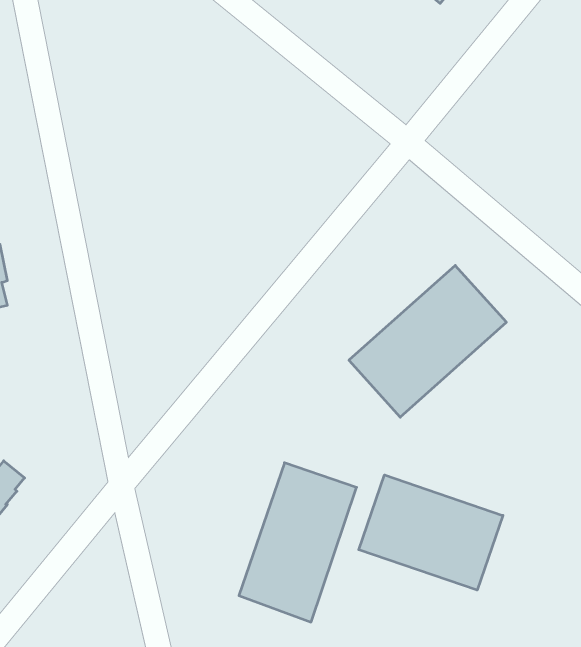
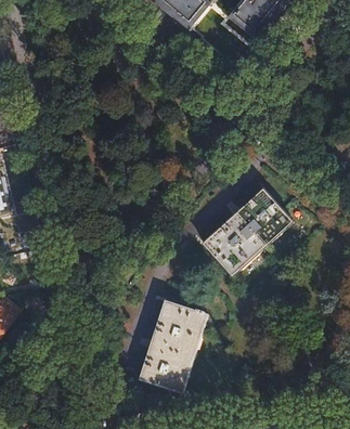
building: [359,475,503,590] -> none

